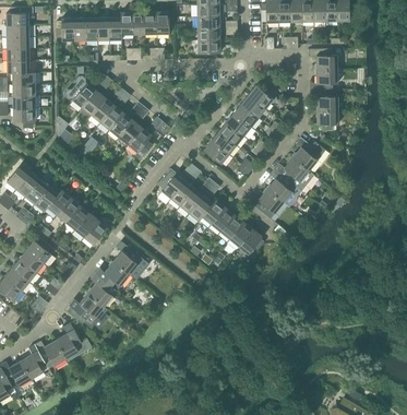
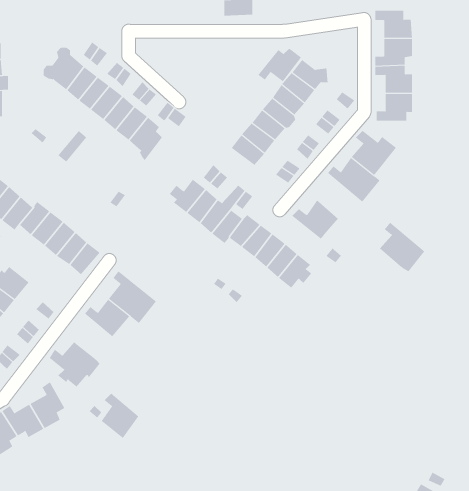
building: none -> [257,48,302,82]
building: [266,169,300,206] -> [379,222,425,272]
building: [87,273,116,307] -> [101,393,139,439]

